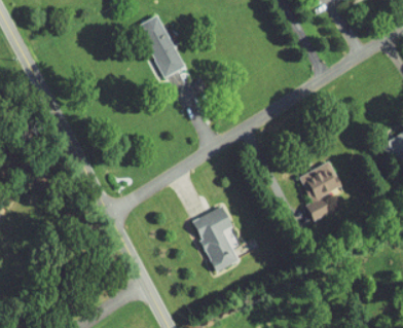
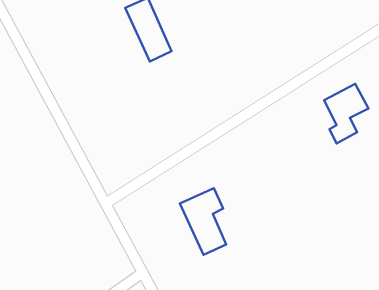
building: [299,162,343,222] -> [324,84,369,144]

